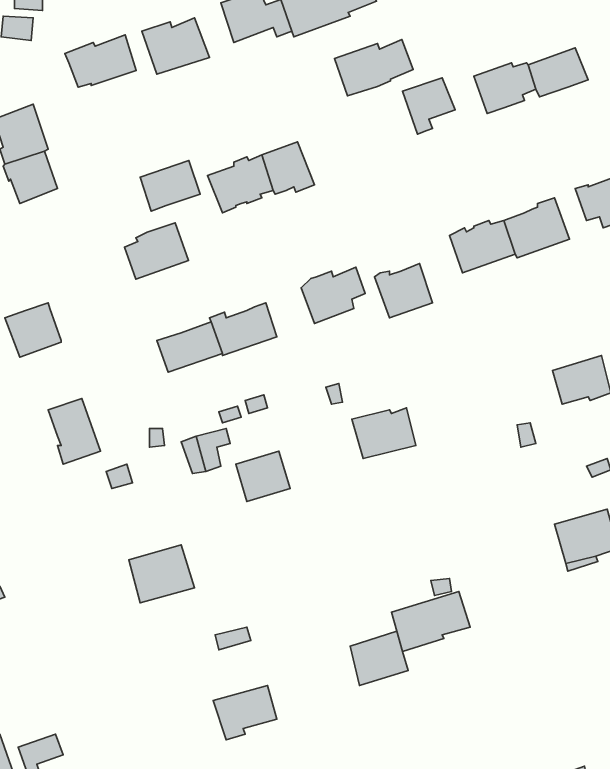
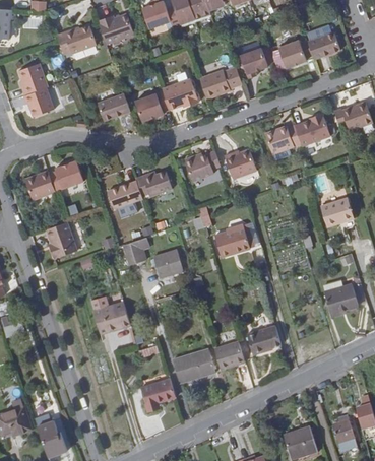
building: [334,40,413,96] -> [200,67,243,97]
building: [125,223,188,279] -> [50,159,84,190]
building: none -> [172,351,214,385]

